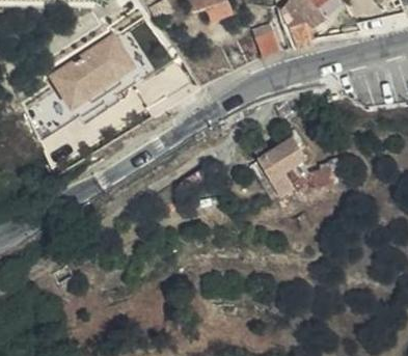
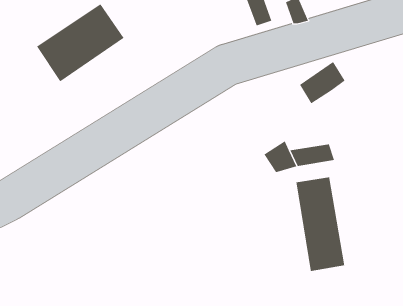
building: [257,136,302,177] -> [299,61,345,104]
building: none -> [296,177,345,272]

